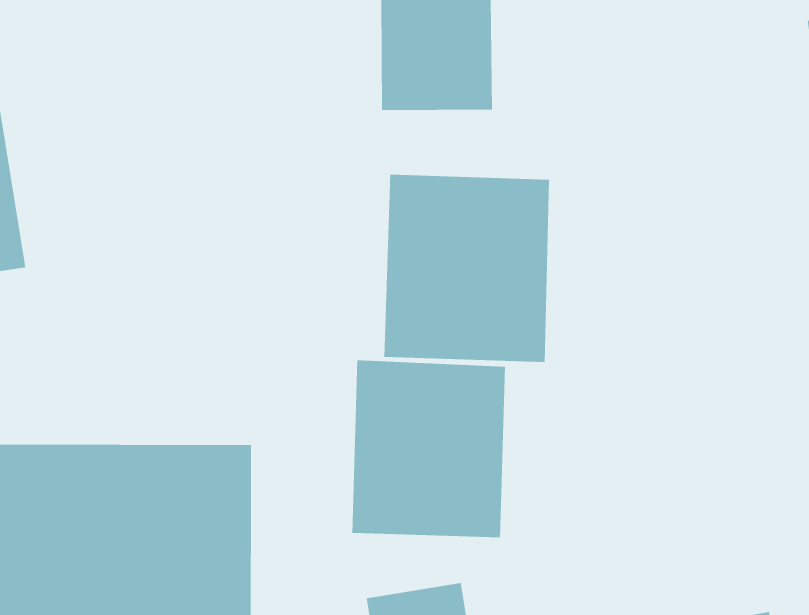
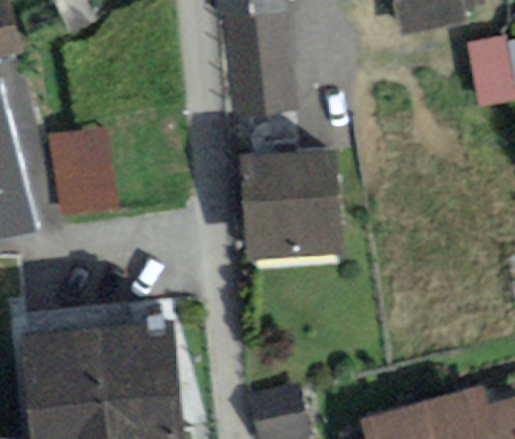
building: [352,360,506,538] -> none

